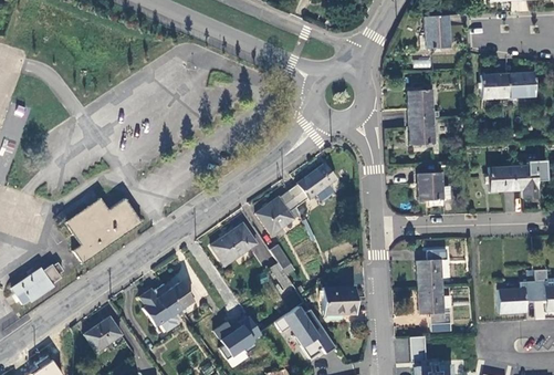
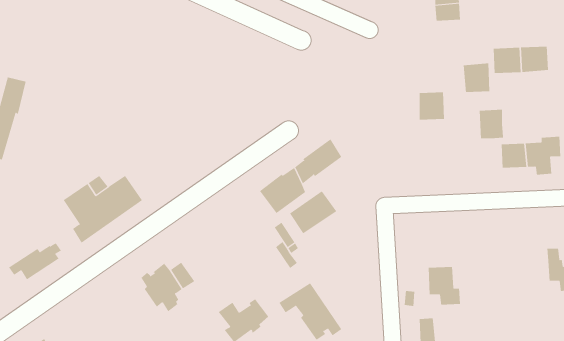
building: [408,90,435,118] -> [463,63,490,93]
building: [419,173,443,201] -> [479,109,504,139]
building: [211,223,258,265] -> [289,191,337,234]
building: [417,249,448,288] -> none
building: [498,281,536,313] -> none
building: [323,287,357,315] -> none
building: [84,317,122,352] -> none

